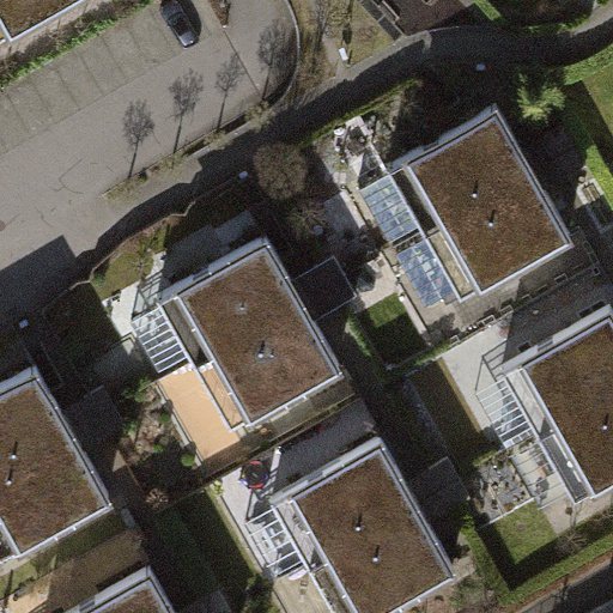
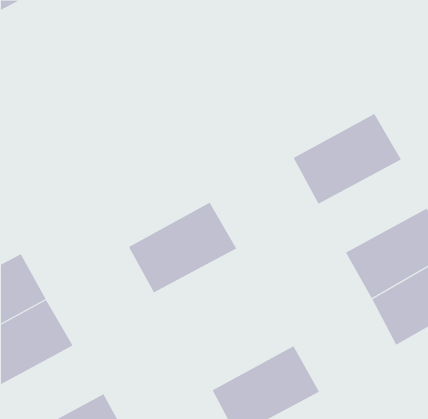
building: [384,113,536,242] -> none
building: [151,238,303,368] -> none
building: [269,442,421,571] -> none

